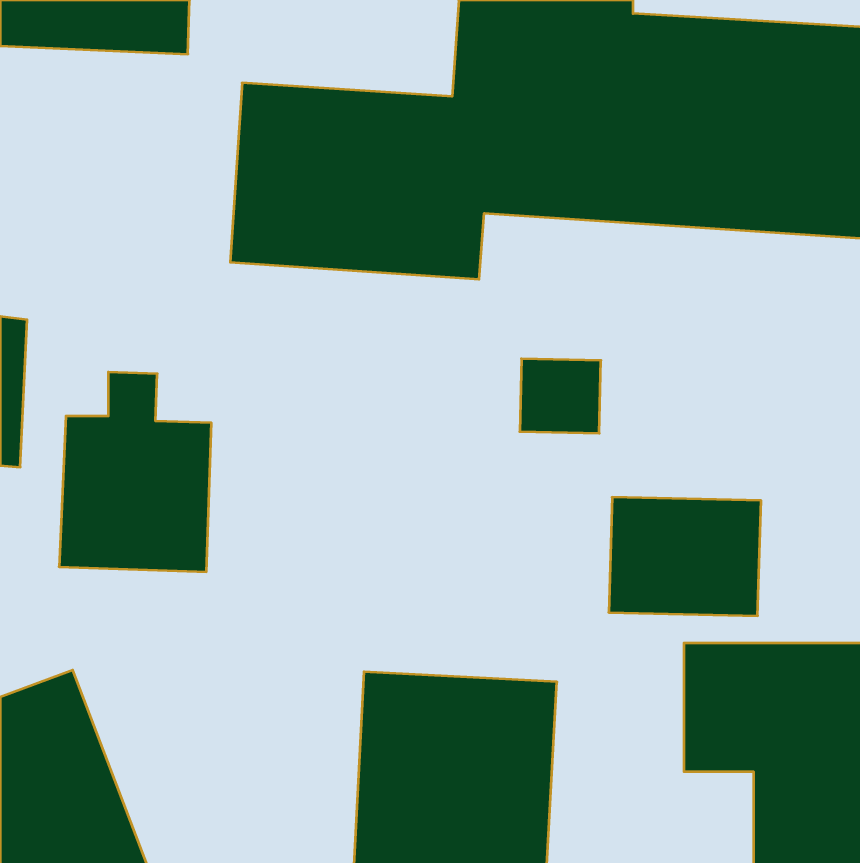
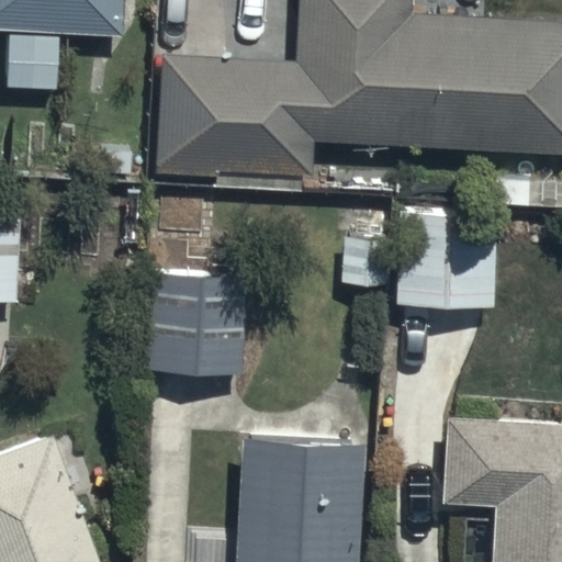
building: [59,372,211,572] -> [149,245,248,374]
building: [609,497,761,616] -> [397,232,496,308]

